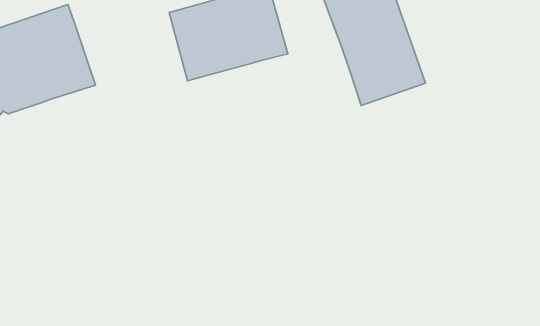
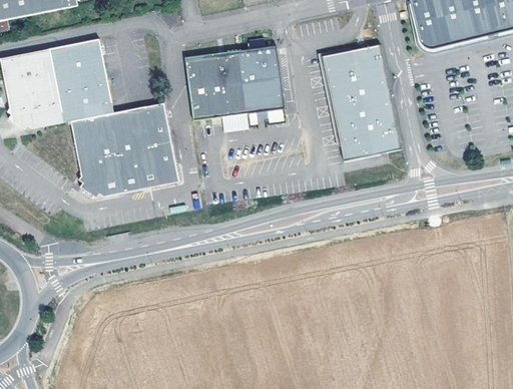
building: none -> [71,103,178,197]

